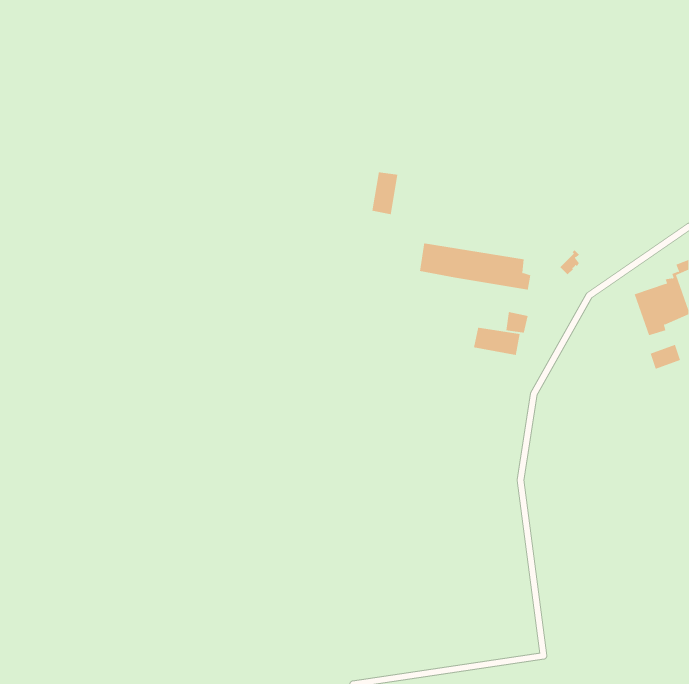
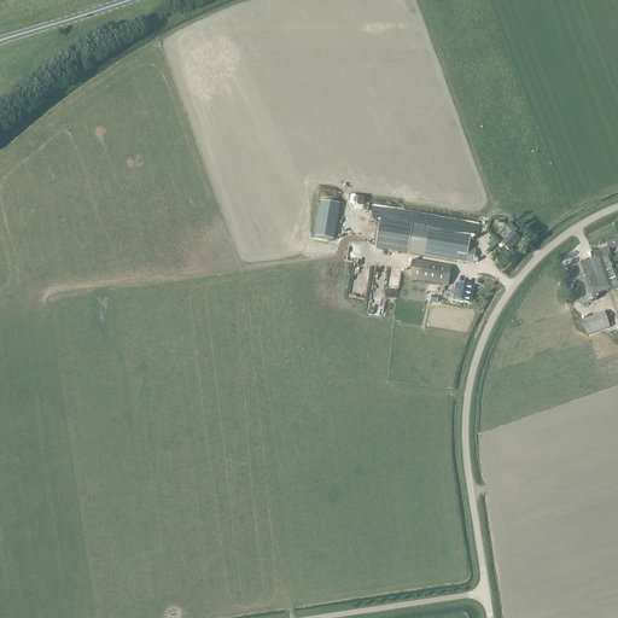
building: [371,172,398,215] -> [315,197,339,235]
building: [473,327,520,355] -> [409,257,451,282]

